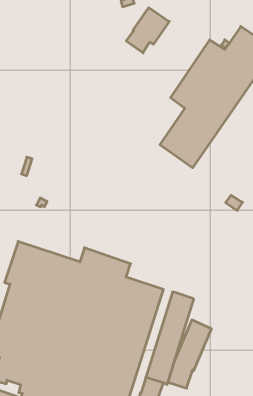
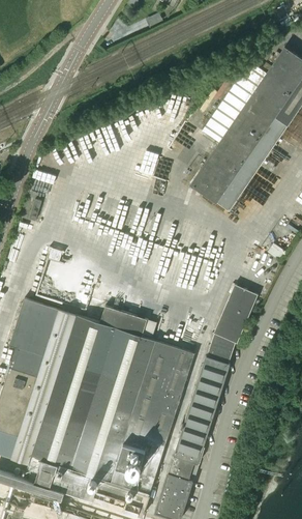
building: [126,8,169,53] -> none
building: [168,320,211,388] -> [207,284,258,364]

